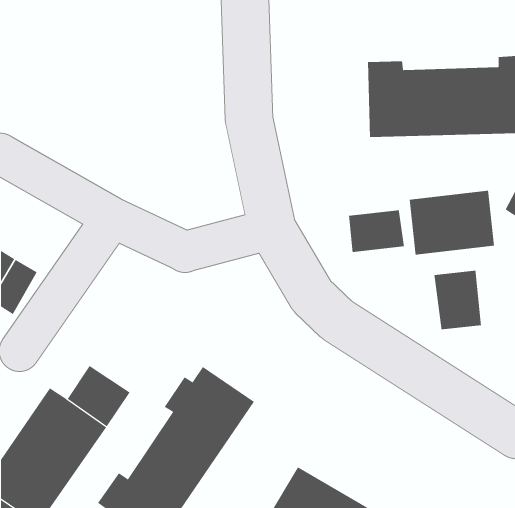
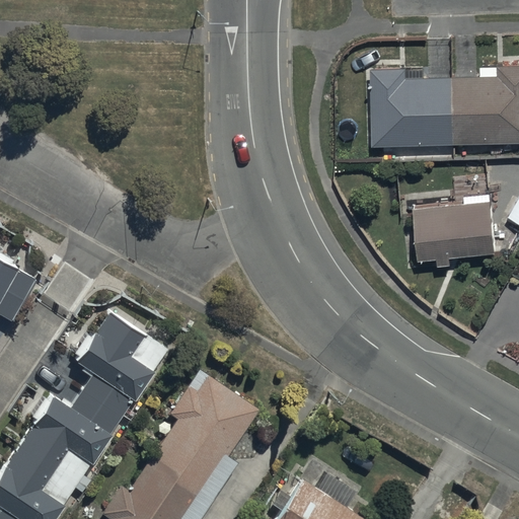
building: [349,210,404,253] -> none
building: [434,270,481,330] -> none
building: none -> [72,311,167,402]

